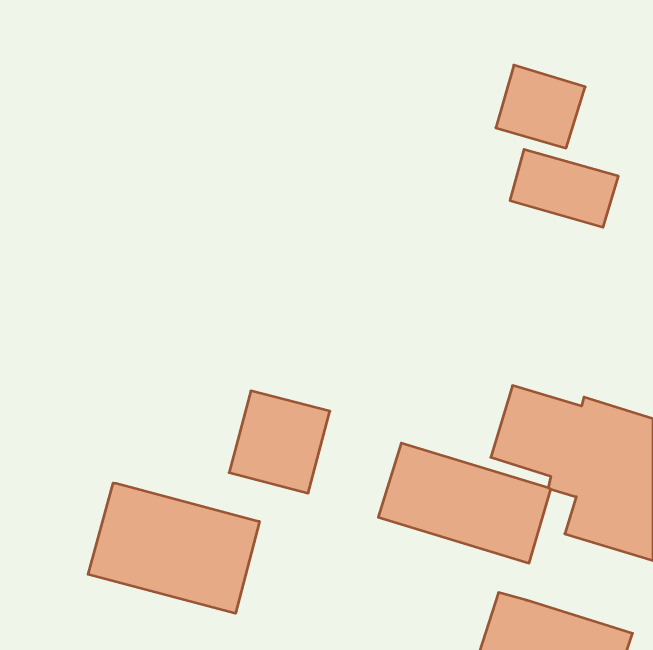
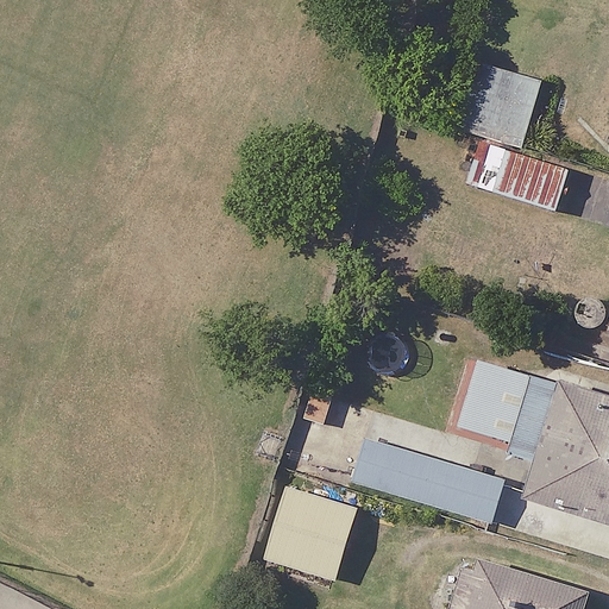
building: [229,391,330,493] -> [264,488,358,583]
building: [88,483,259,613] -> none

